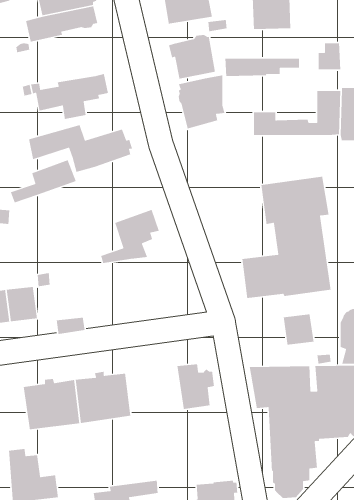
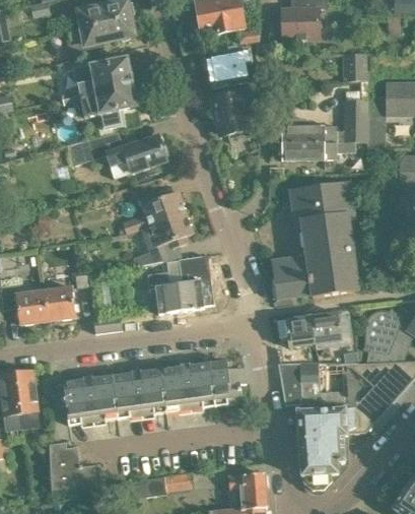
building: none -> [74,57,131,97]
building: [224,58,300,77] -> [282,141,354,159]
building: [10,159,77,204] -> [122,190,186,233]
building: none -> [147,255,213,313]
building: none -> [276,315,315,346]
building: none -> [160,361,215,410]

